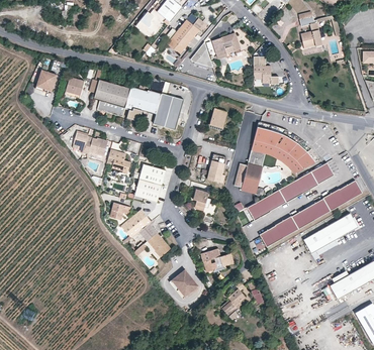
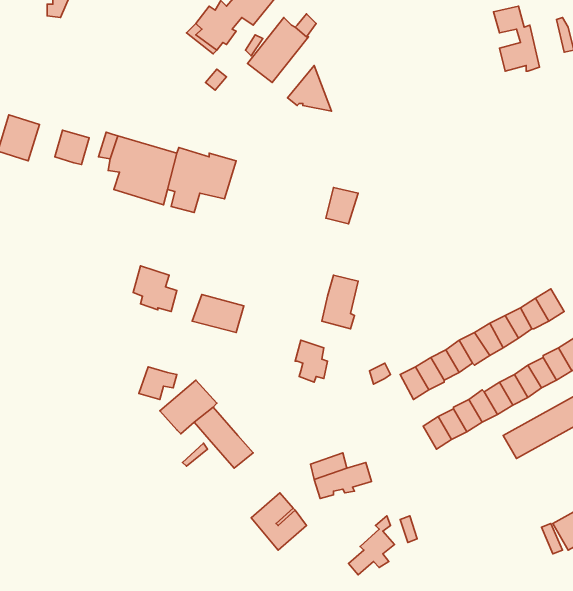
building: [212,32,241,59] -> none
building: [254,56,280,84] -> none
building: [154,94,184,129] -> none
building: [235,129,317,196] -> none
building: [74,132,108,155] -> none
building: [133,179,162,203] -> none

